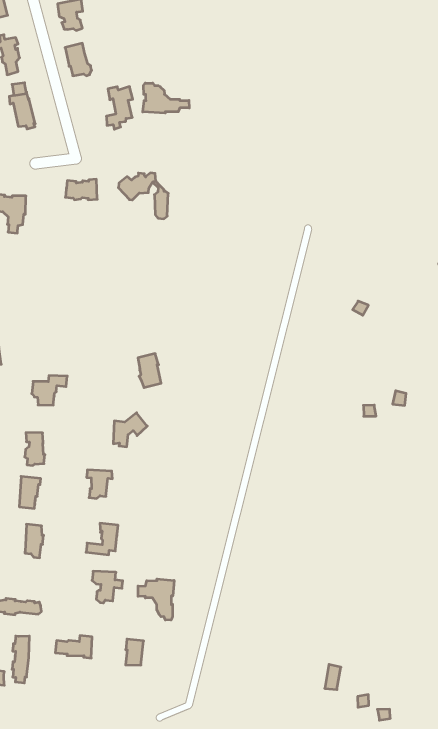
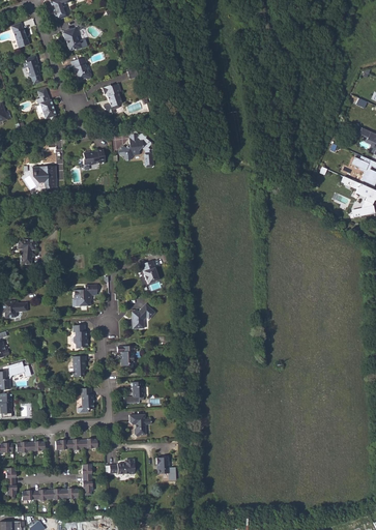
building: [143,83,189,113] -> none
building: [138,579,174,620] -> none

